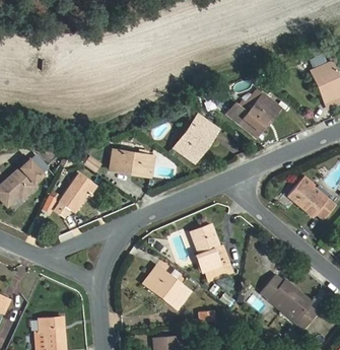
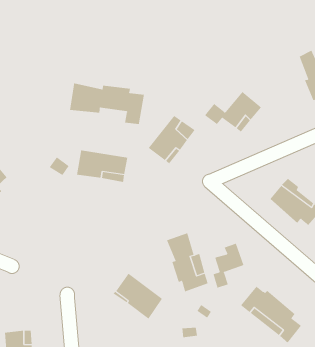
building: none -> [69,83,144,125]
building: [51,173,96,217] -> none
building: none -> [213,243,244,289]

